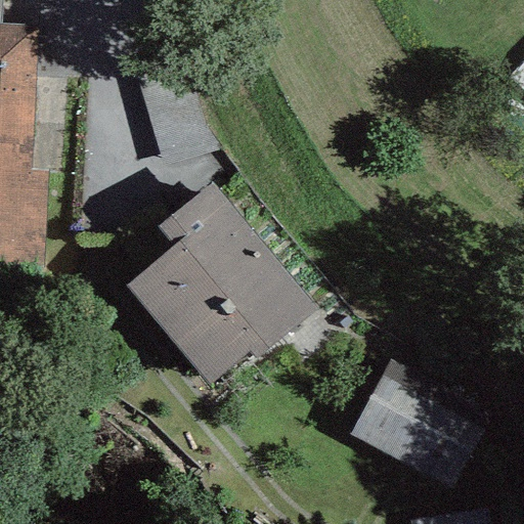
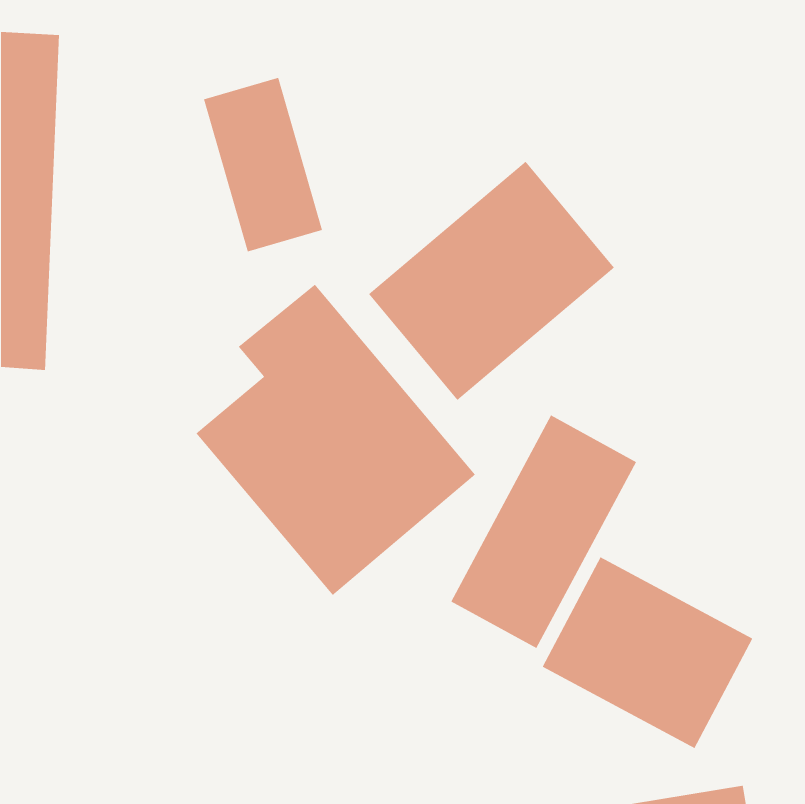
building: none -> [368,161,615,401]
building: none -> [450,414,637,649]

